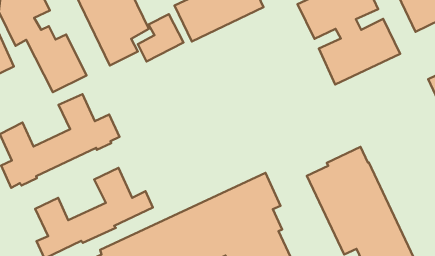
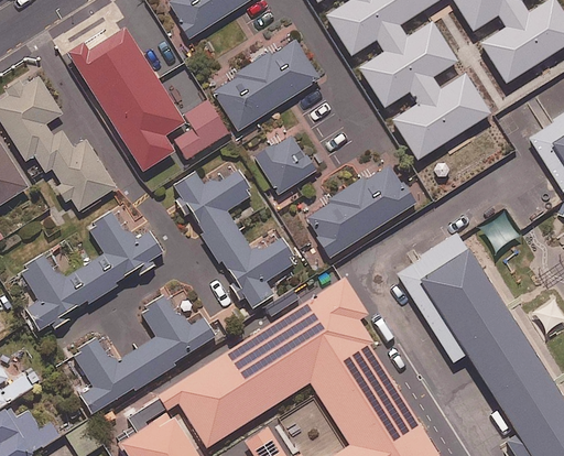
building: none -> [253,131,314,193]
building: none -> [173,164,296,307]
building: none -> [304,161,414,257]

